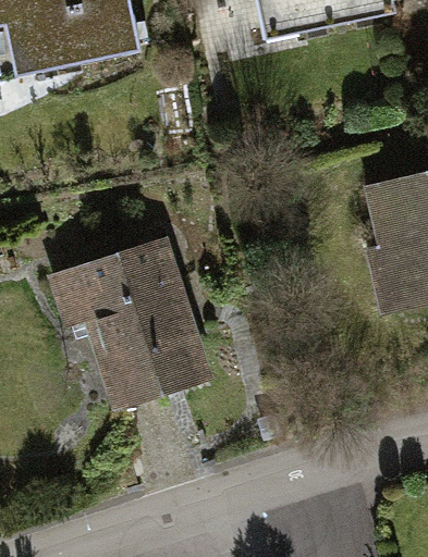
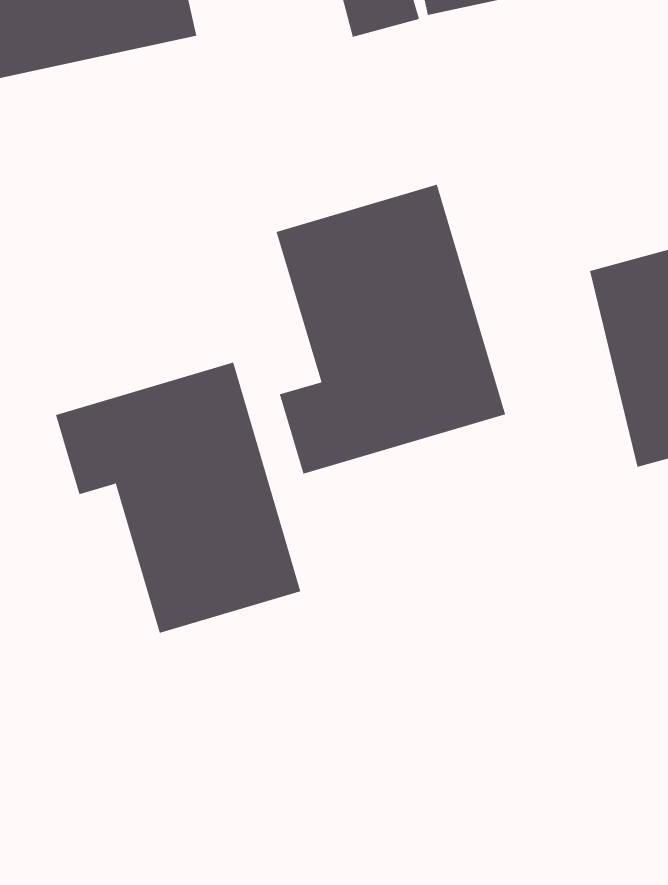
building: none -> [276,184,506,474]

